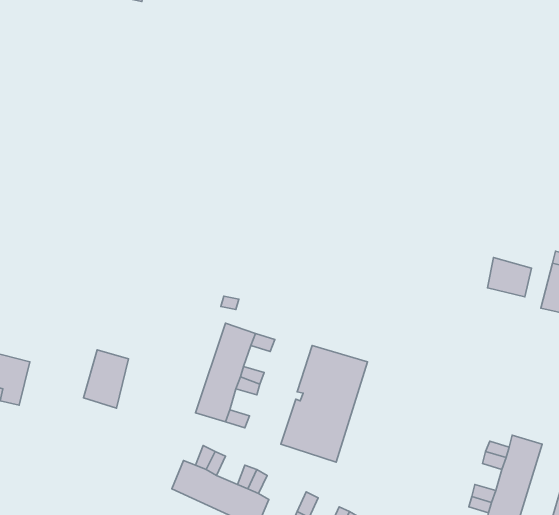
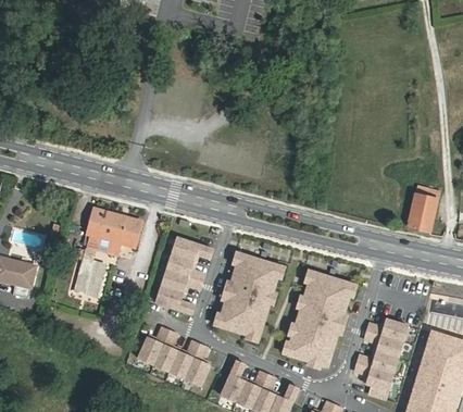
building: [487,258,531,297] -> none
building: none -> [86,208,146,255]
building: none -> [287,272,352,366]

